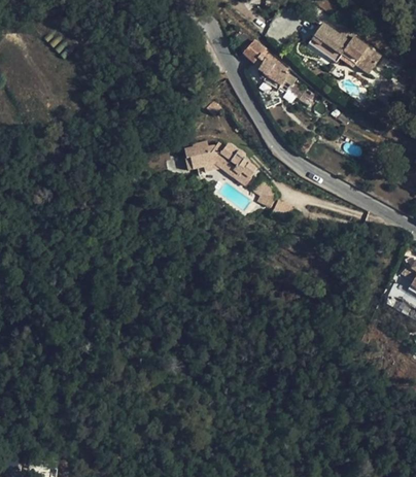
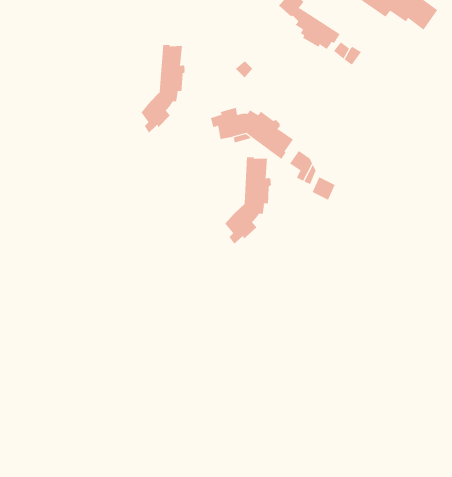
building: none -> [141,44,185,133]
building: none -> [225,157,272,244]

